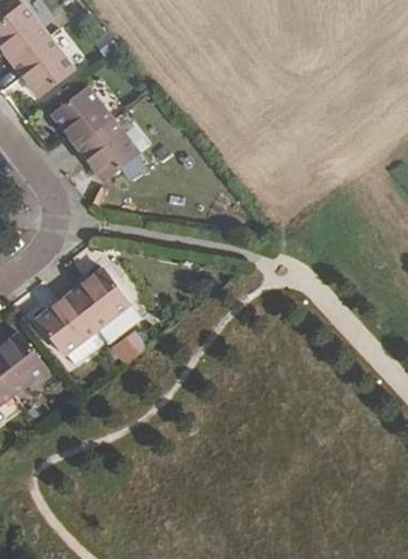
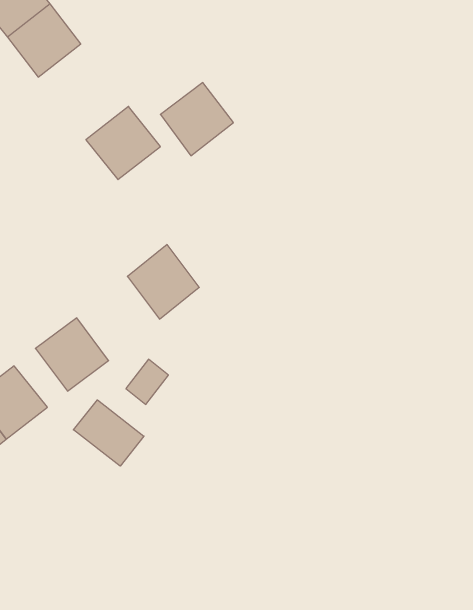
building: [52,87,112,147] -> [160,83,233,156]
building: [70,267,129,329] -> [127,245,199,319]
building: none -> [73,400,144,466]

